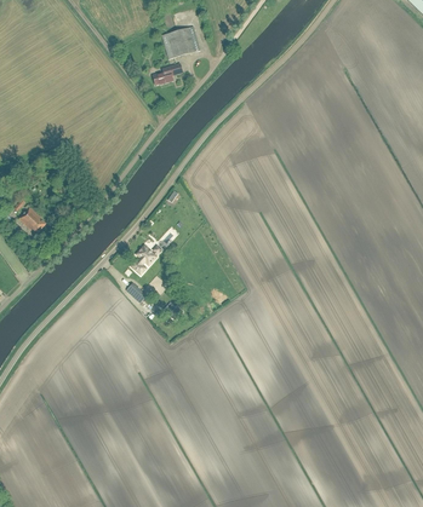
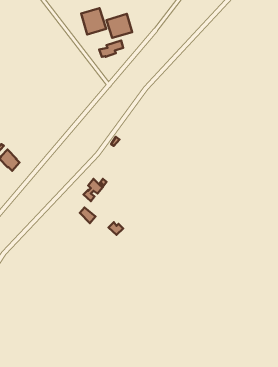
building: none -> [81,8,106,34]

